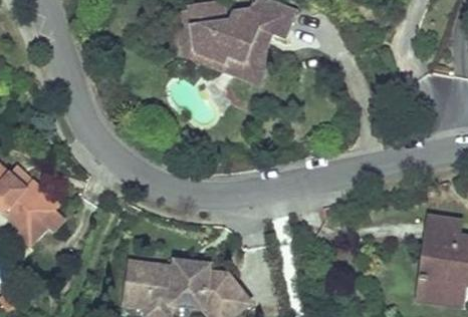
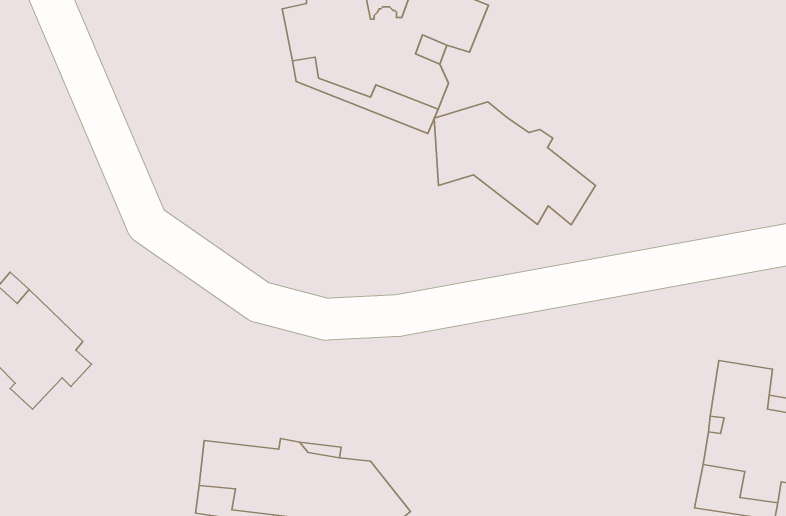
building: none -> [434,102,596,225]

